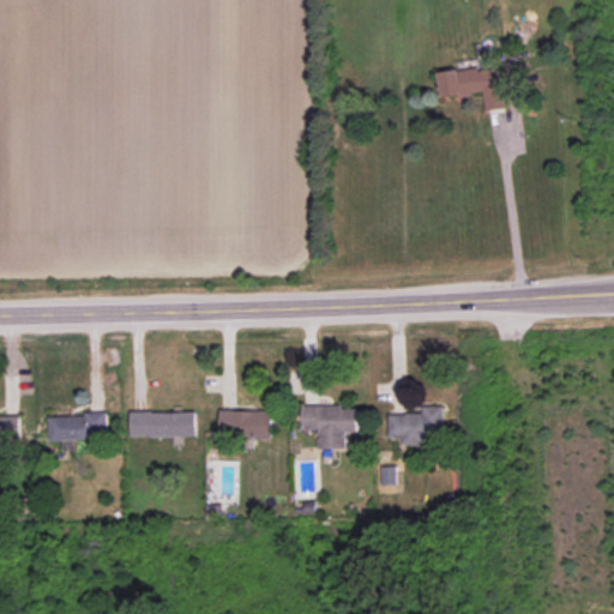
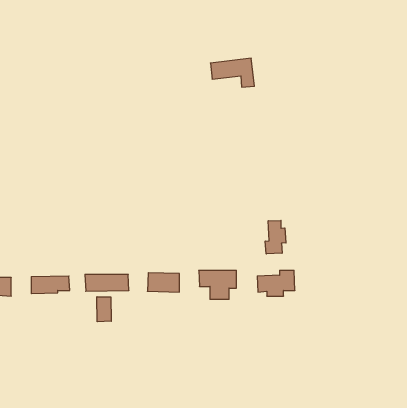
building: [435,67,501,110] -> [210,58,254,87]
building: none -> [265,220,286,254]
building: none -> [97,297,111,322]

